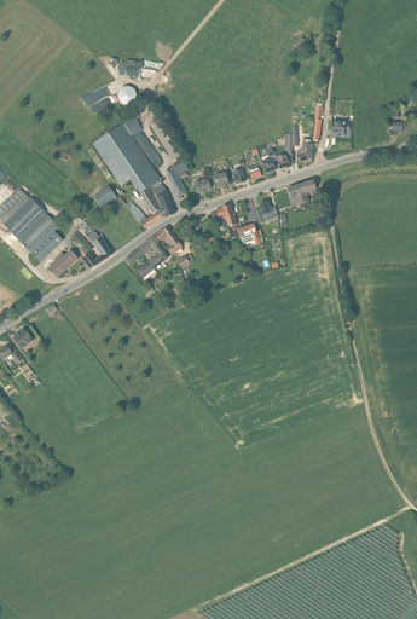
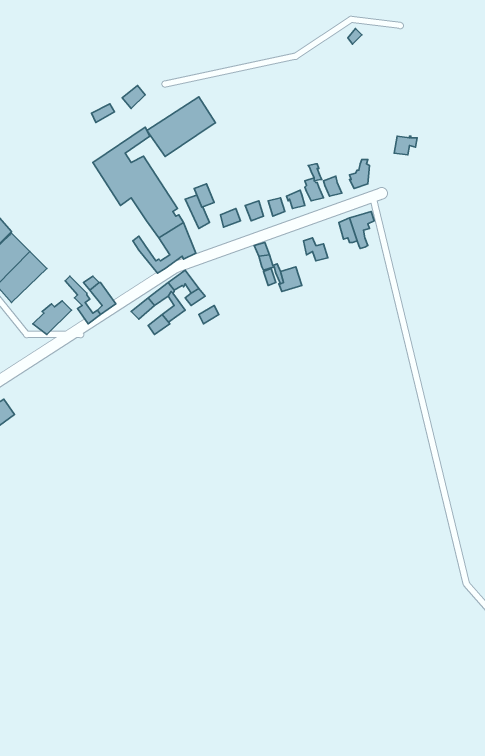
building: none -> [147,97,215,157]

